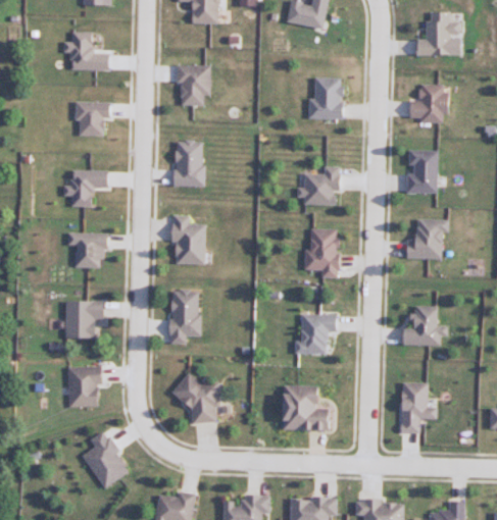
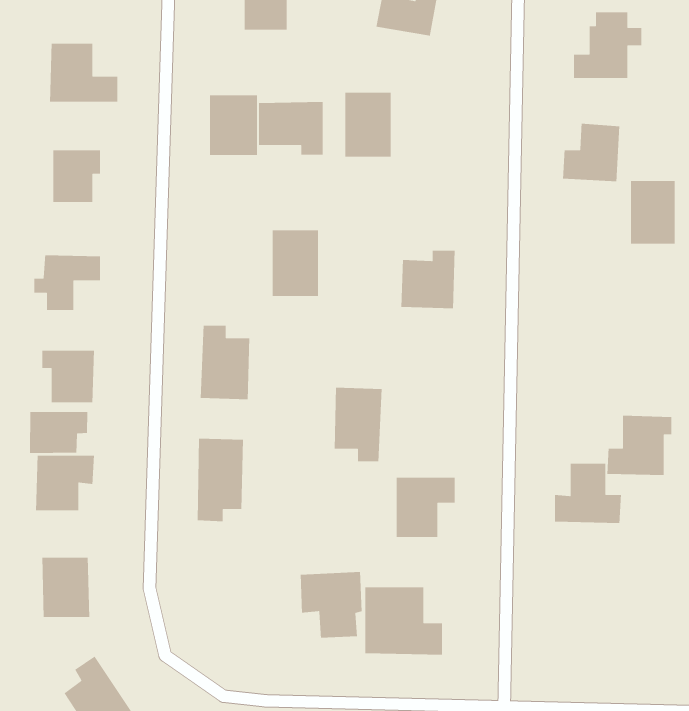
building: none -> [258,101,324,155]
building: [310,77,341,120] -> [344,92,392,158]
building: [173,143,204,187] -> [272,230,319,297]
building: [406,151,436,193] -> [630,180,676,244]
building: [405,219,448,259] -> [606,415,672,476]
building: [306,228,338,277] -> [334,387,382,462]
building: none -> [29,411,88,454]
building: [178,380,218,424] -> [300,571,362,639]
building: [400,383,437,434] -> none

